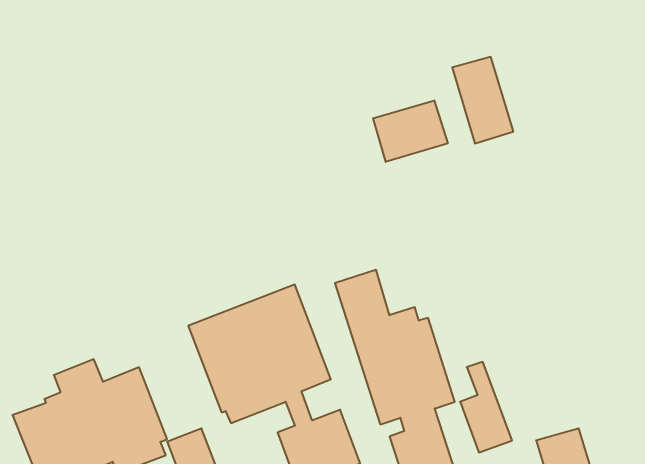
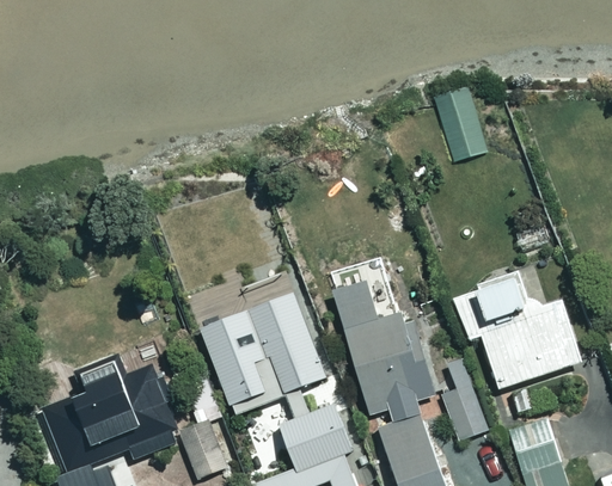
building: [373,100,448,162] -> none
building: none -> [453,267,582,387]

